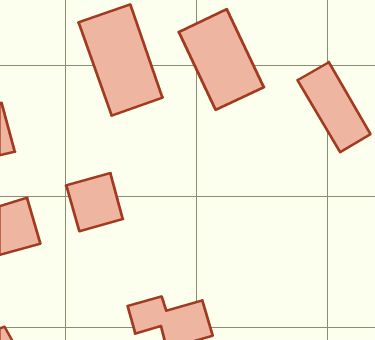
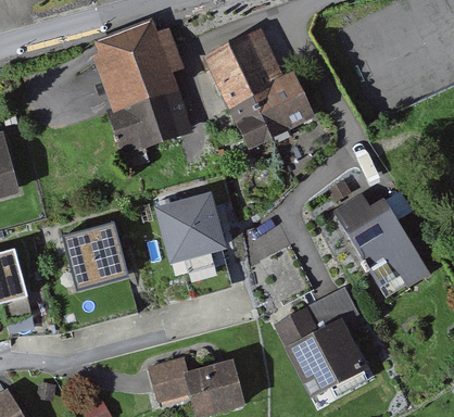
building: [298,62,370,152] -> [341,190,425,293]
building: none -> [165,186,237,256]
building: none -> [276,295,367,396]

